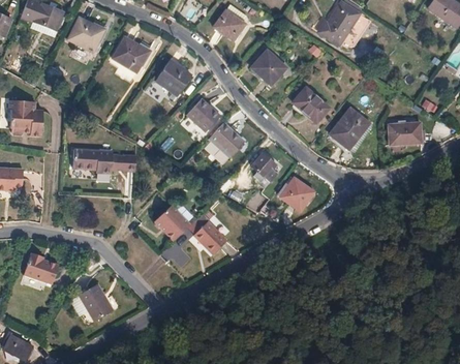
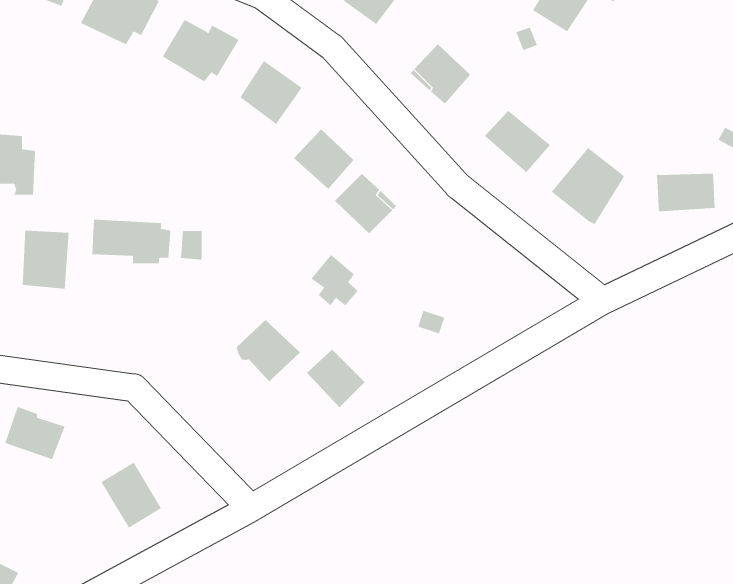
building: [251,153,278,182] -> [310,254,359,306]
building: none -> [22,230,69,289]
building: [280,178,314,211] -> none

